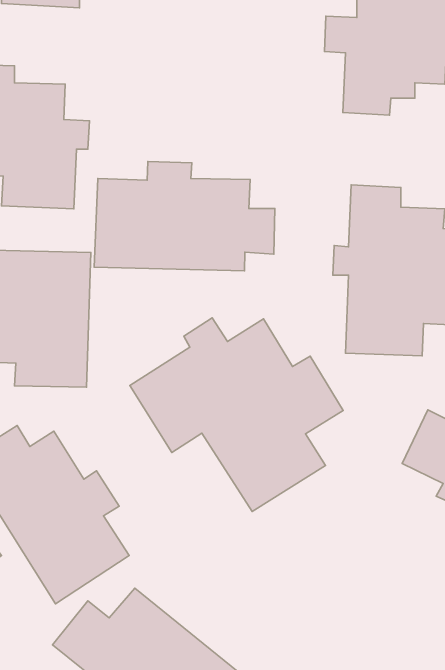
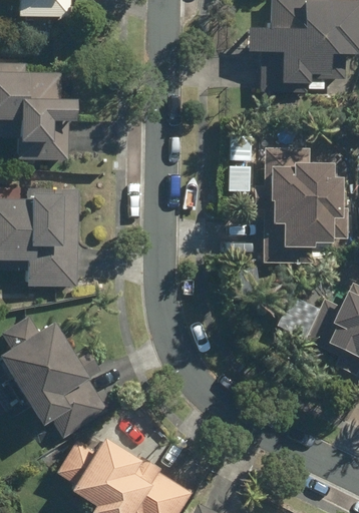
building: [94,161,275,271] -> none
building: [130,318,343,511] -> none

